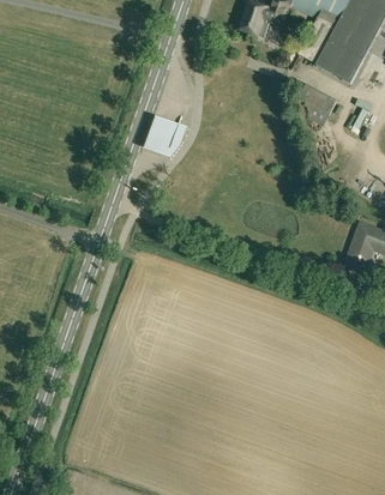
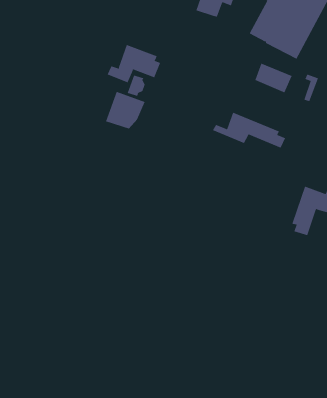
building: none -> [107,44,161,83]
building: none -> [212,112,286,149]

